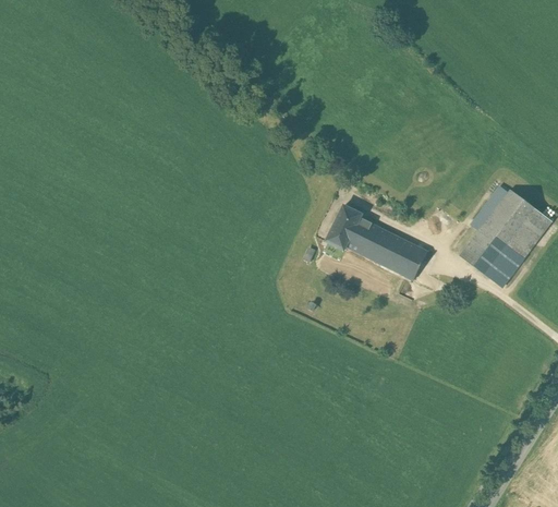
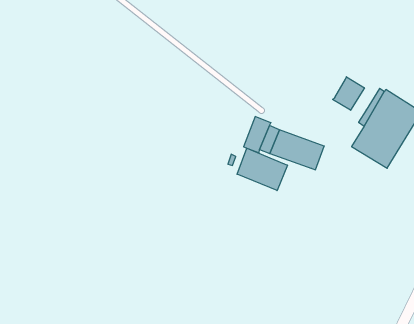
building: none -> [333,77,364,110]
building: none -> [237,148,287,191]

